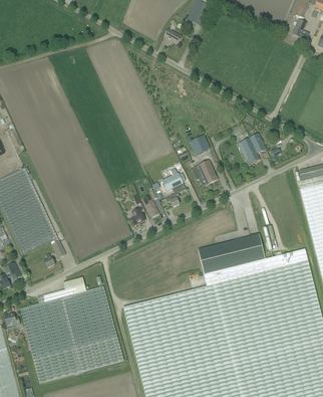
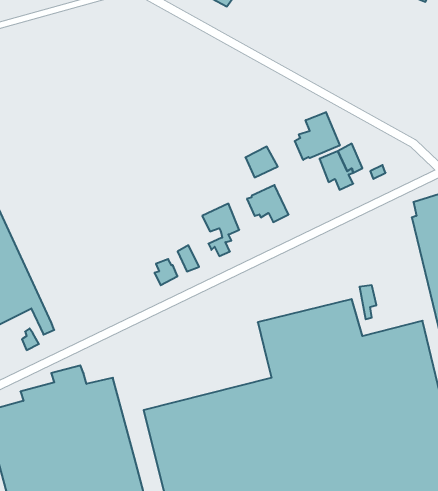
building: none -> [295,112,340,160]

